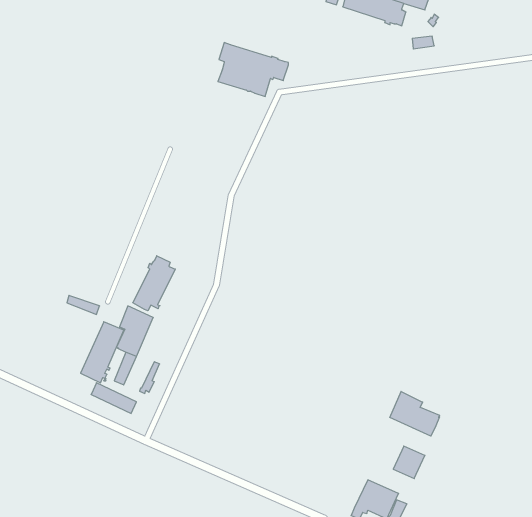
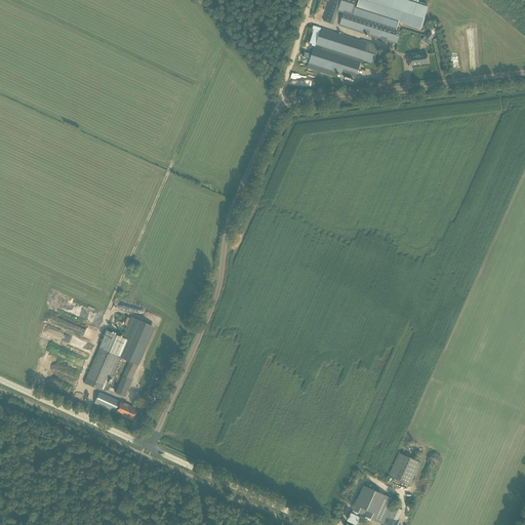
building: [218,43,288,96] -> [308,25,376,77]
building: [133,256,175,311] -> none
building: [390,391,439,436] -> none

